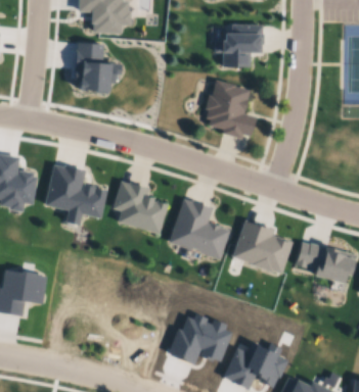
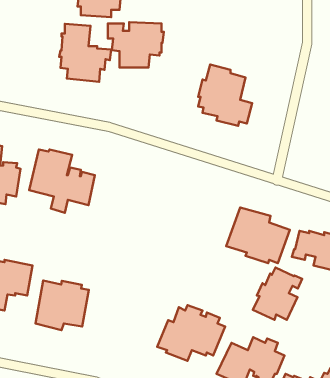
building: [213,28,266,70] -> [108,22,164,67]
building: [113,179,168,232] -> none
building: [169,197,230,257] -> none
building: none -> [253,268,302,320]
building: none -> [36,280,89,330]

